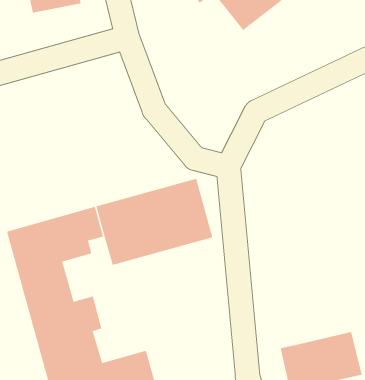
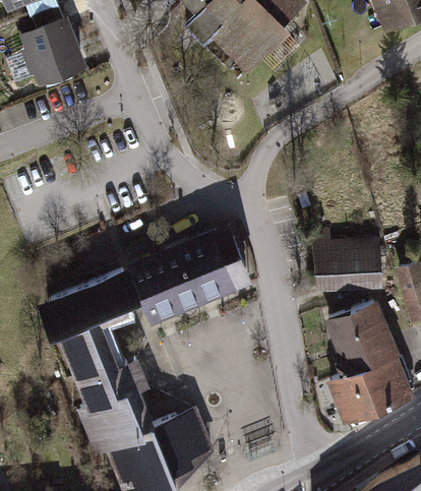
building: none -> [310,242,386,293]
building: none -> [320,301,397,377]

